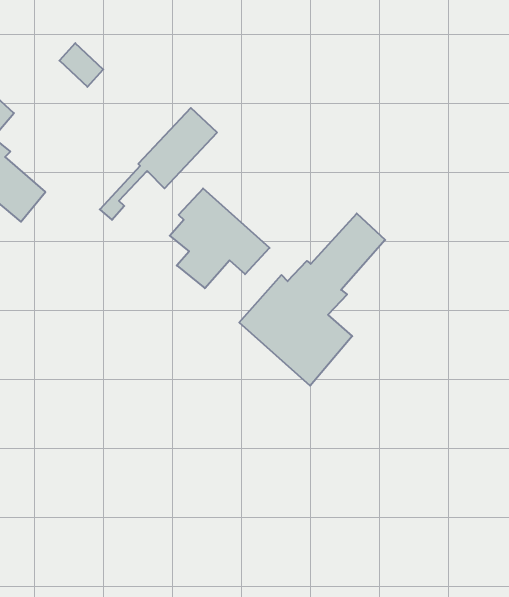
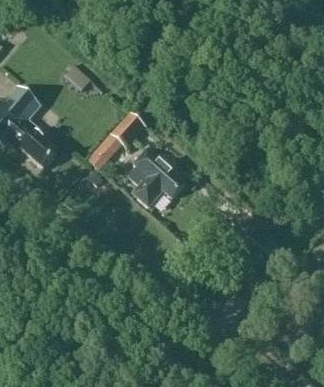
building: [239,213,385,386] -> none

